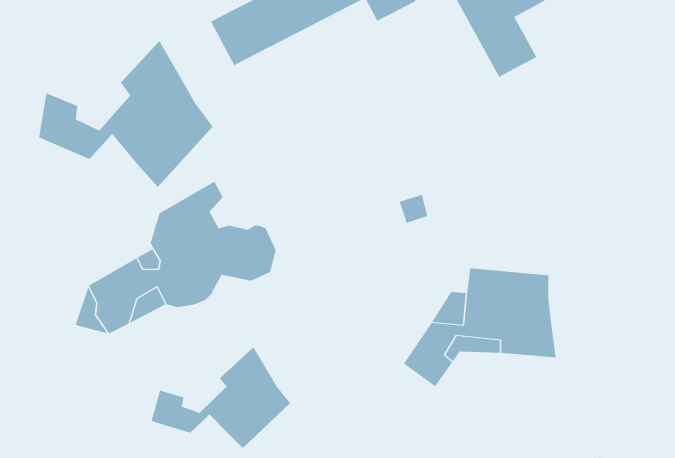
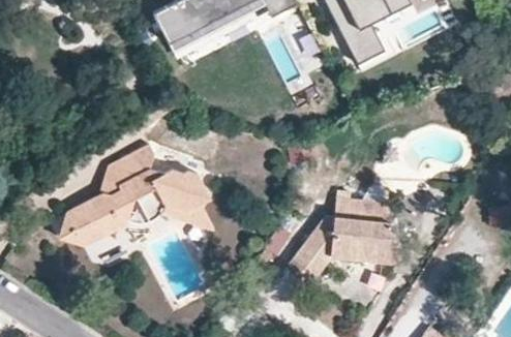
building: [38,40,213,188] -> none
building: [151,347,291,449] -> none

